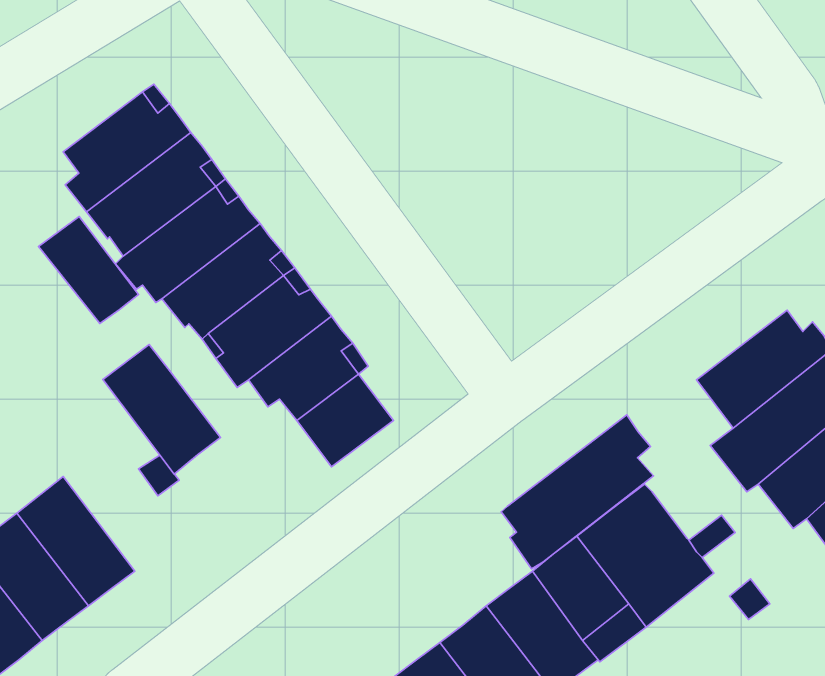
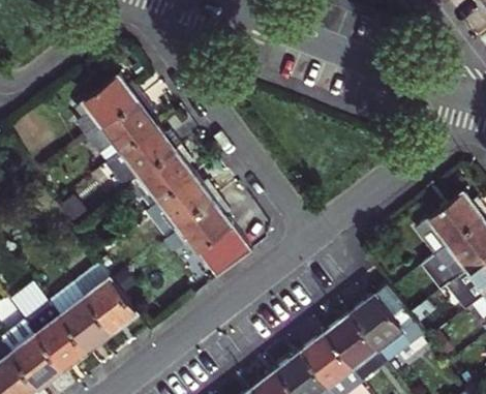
building: [39,216,139,323] -> none
building: [103,345,221,474] -> [74,263,138,332]
building: [501,415,653,569] -> none

